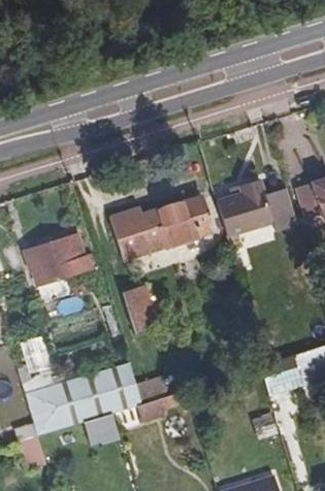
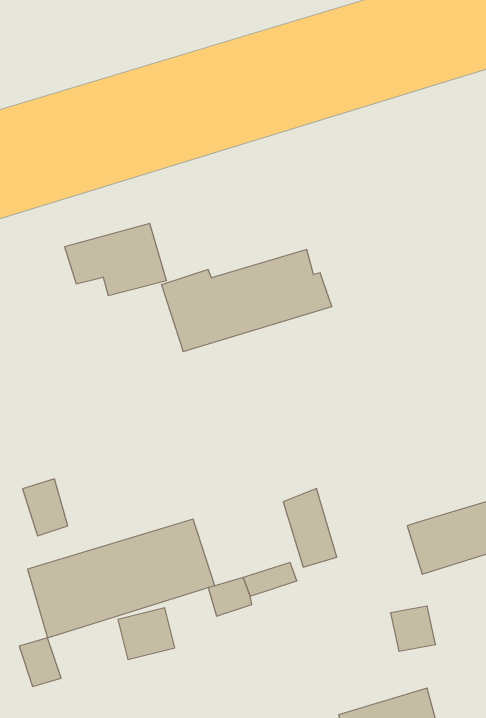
building: [217,182,299,236] -> none
building: [27,237,90,282] -> [65,223,167,295]
building: [124,283,157,331] -> [283,488,337,567]

